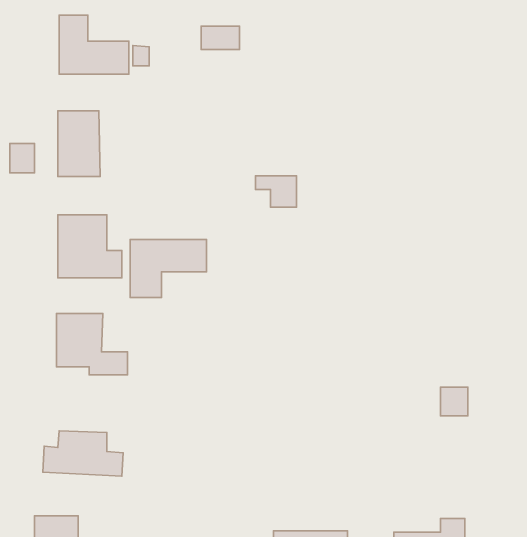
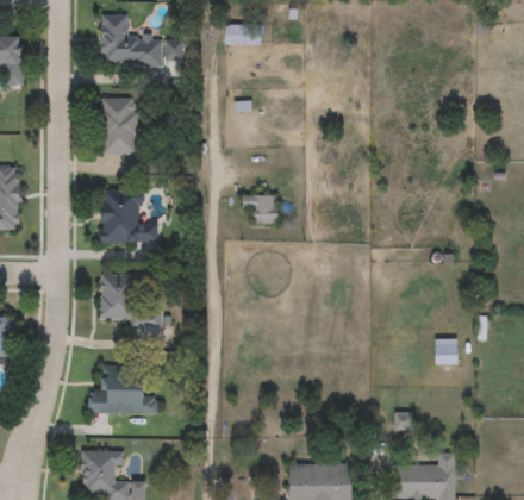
building: [10,144,35,173] -> none
building: [255,176,296,207] -> [242,195,277,223]
building: [130,240,206,298] -> none

